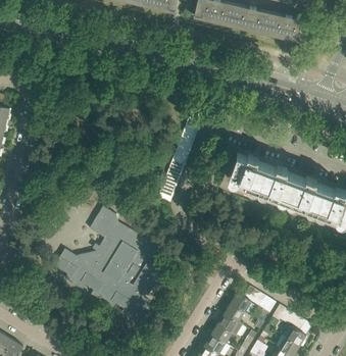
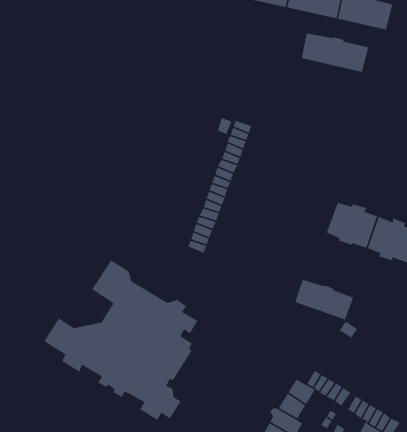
building: none -> [301,30,369,73]
building: [229,153,266,187] -> none
building: none -> [294,277,354,320]

